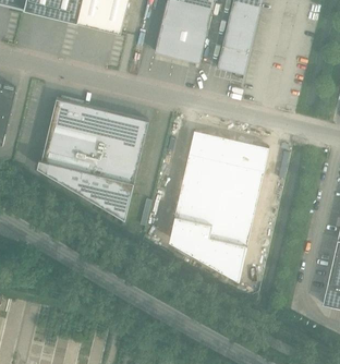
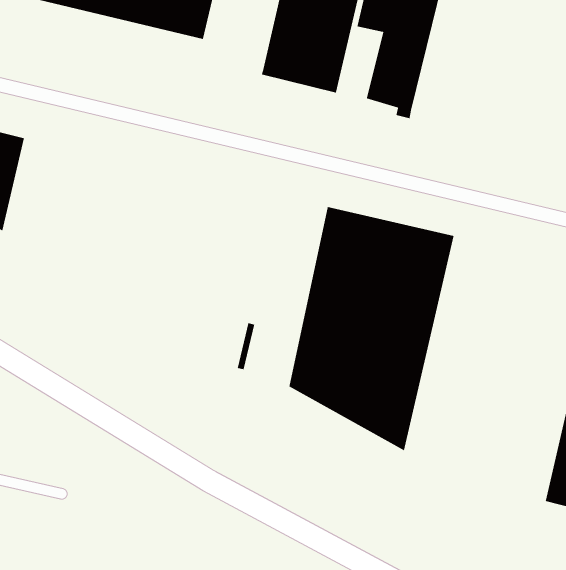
building: [37,99,148,219] -> none

